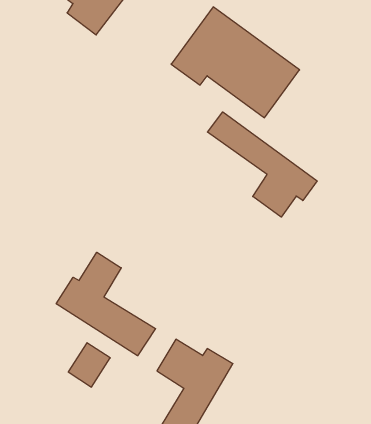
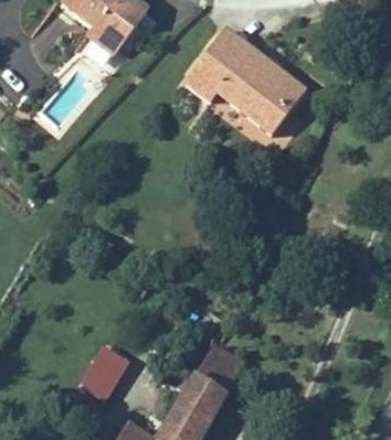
building: [207,112,317,217] -> none
building: [56,252,156,356] -> none

